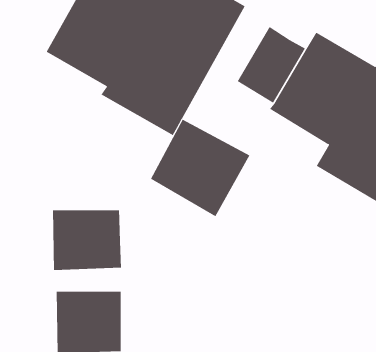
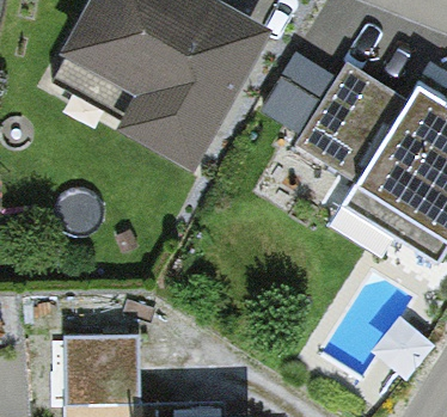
building: [150,119,250,217] -> none
building: [53,210,122,271] -> none

